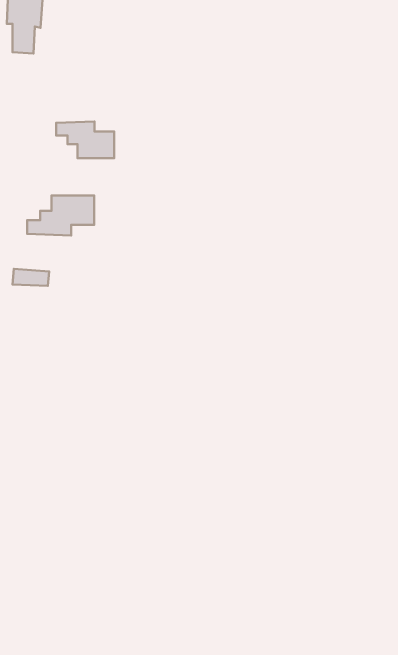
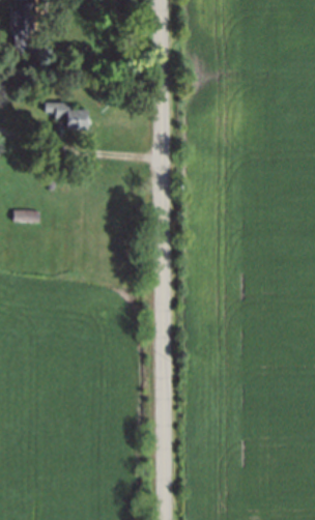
building: [27,195,94,236] -> none

